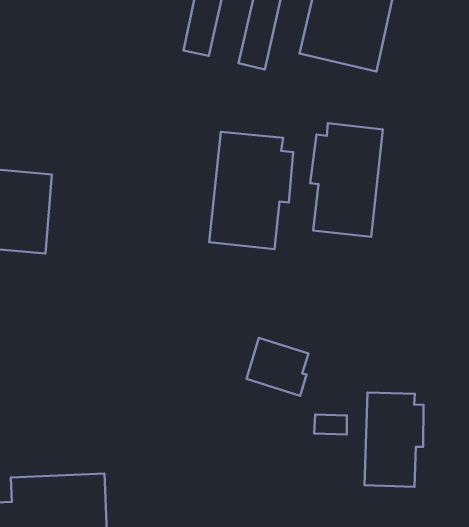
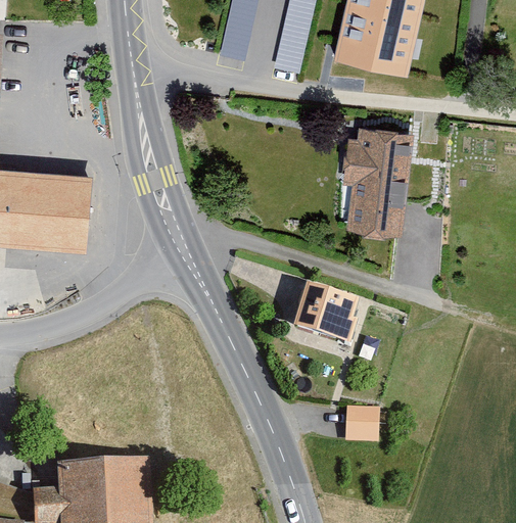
building: [209,132,293,249] -> none
building: [246,338,309,396] -> [295,284,356,340]
building: [364,393,423,487] -> none

